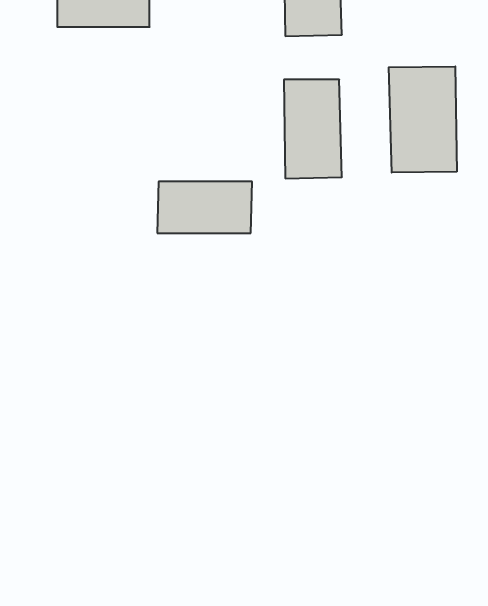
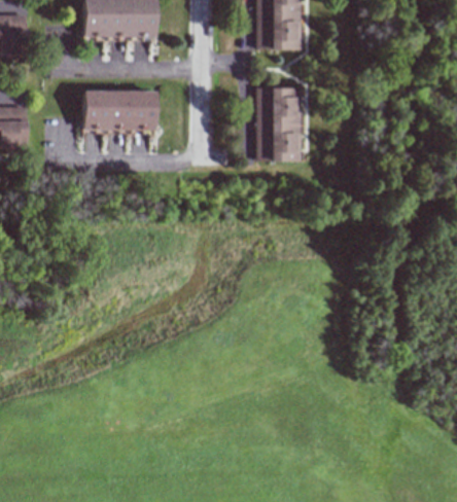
building: [389,66,457,173] -> none
building: [157,182,252,233] -> [80,91,154,131]

